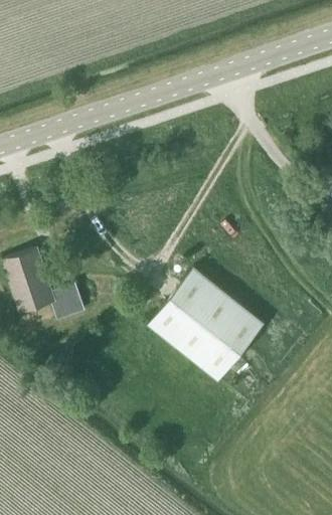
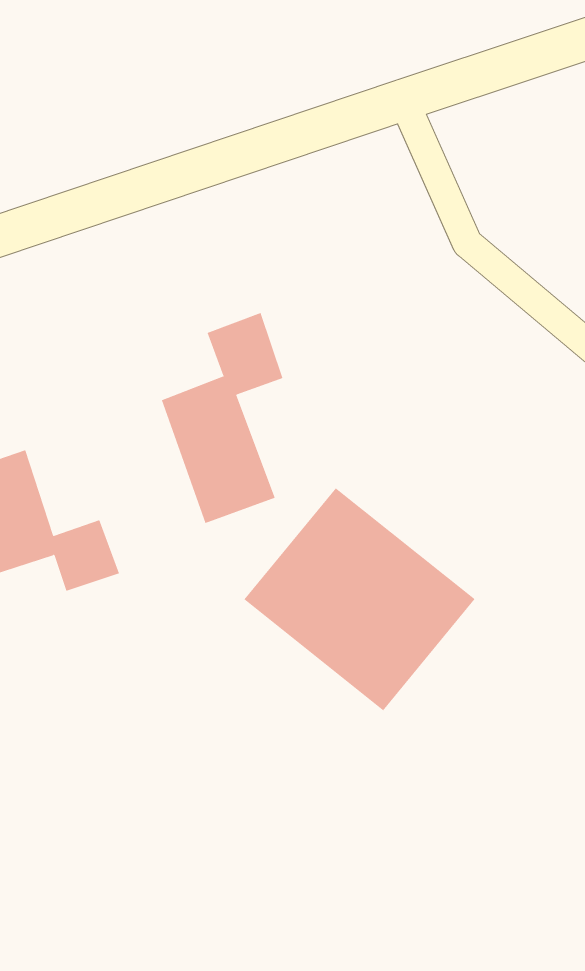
building: none -> [161,312,283,524]

